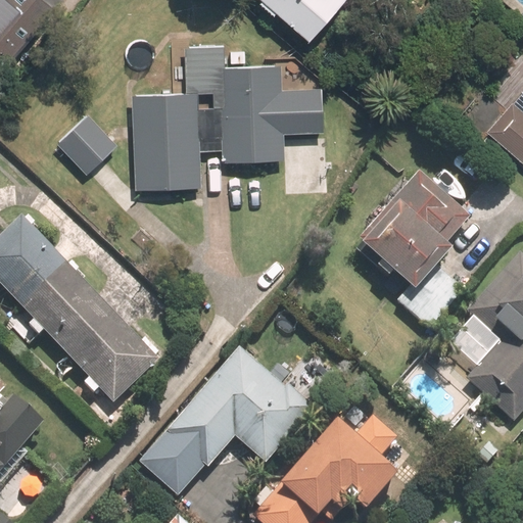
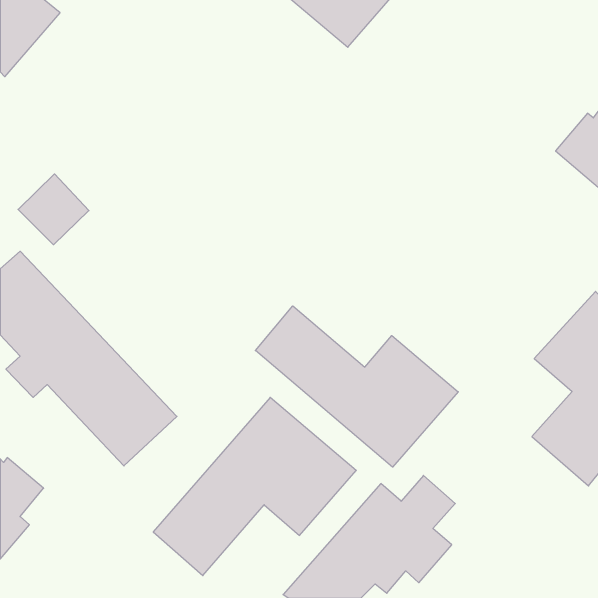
building: [132,36,324,188] -> none
building: [57,111,118,173] -> [18,174,89,245]
building: [355,169,473,328] -> none
building: none -> [255,306,458,467]

